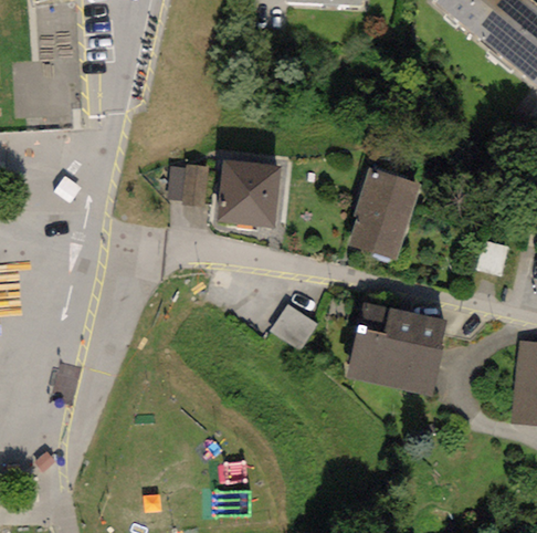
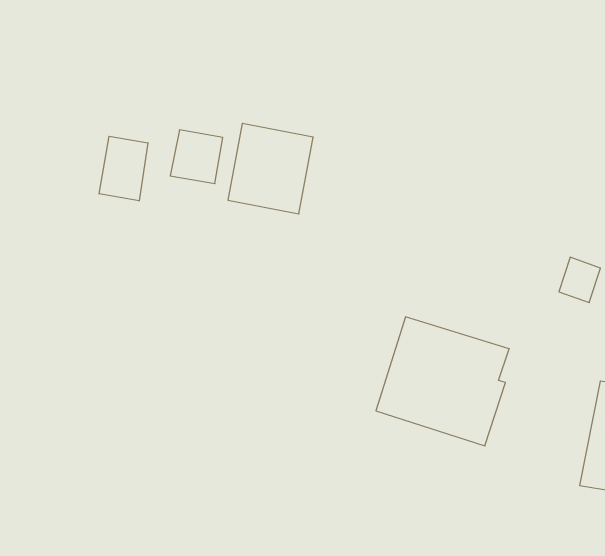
building: [348,168,418,259] -> none
building: none -> [99,136,148,201]
building: [274,309,320,354] -> none

